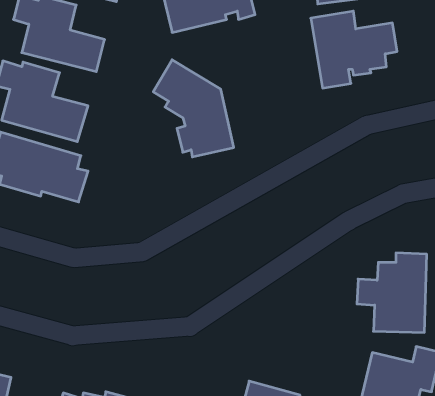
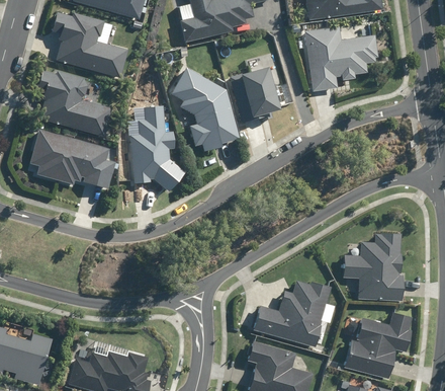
building: none -> [230,67,274,120]
building: none -> [129,106,185,191]
building: none -> [252,279,331,346]

